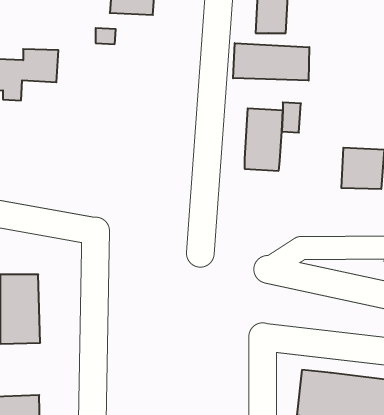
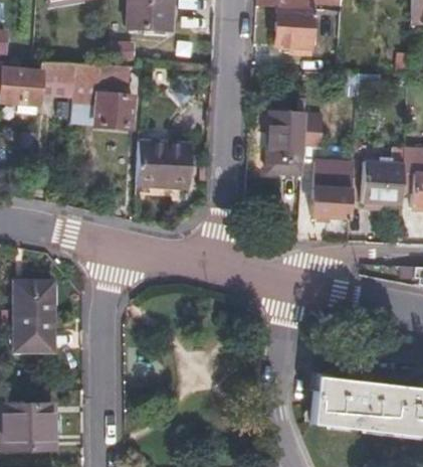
building: [233,43,309,81] -> none
building: none -> [73,60,138,127]
building: none -> [139,140,190,185]
building: none -> [308,163,349,215]

